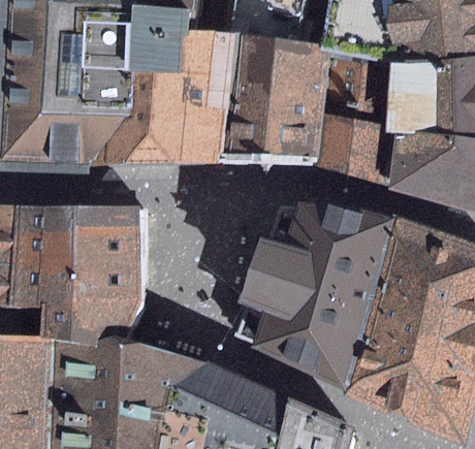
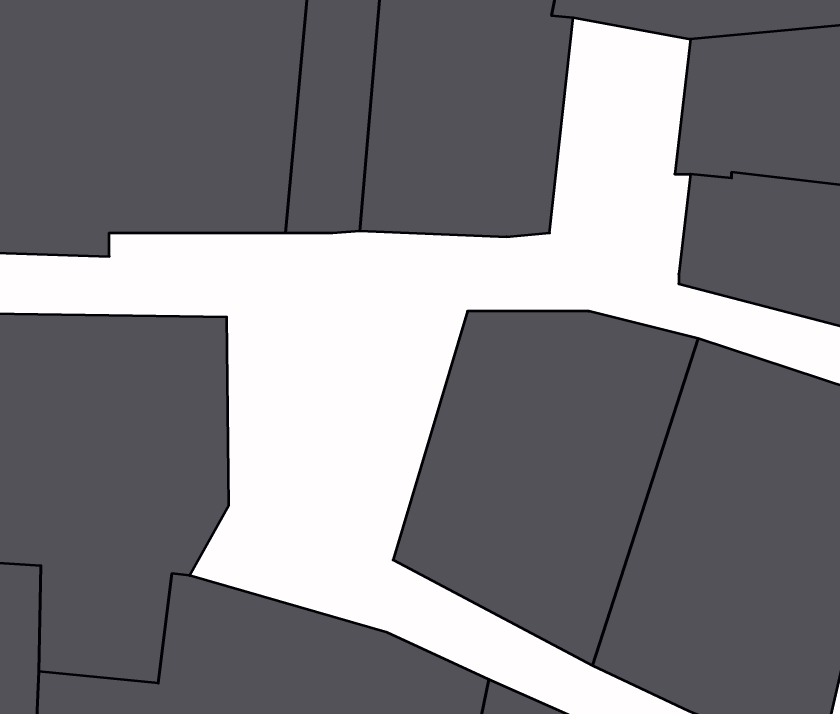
building: [318,50,392,185] -> none

